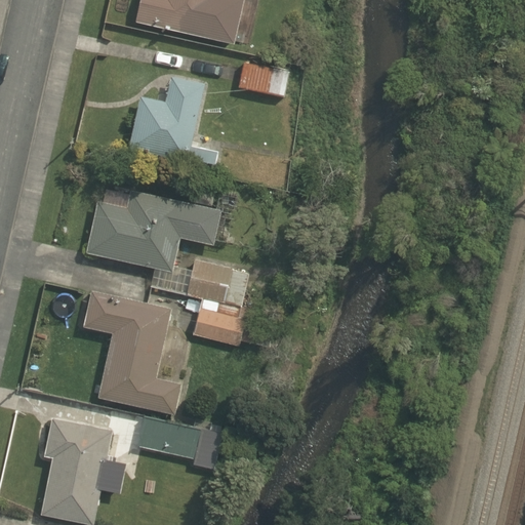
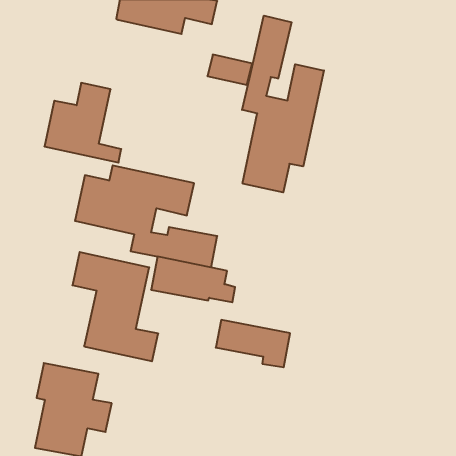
building: none -> [242,16,324,192]
building: [128,76,216,167] -> [44,83,121,163]
building: [137,415,223,470] -> [216,320,290,367]

